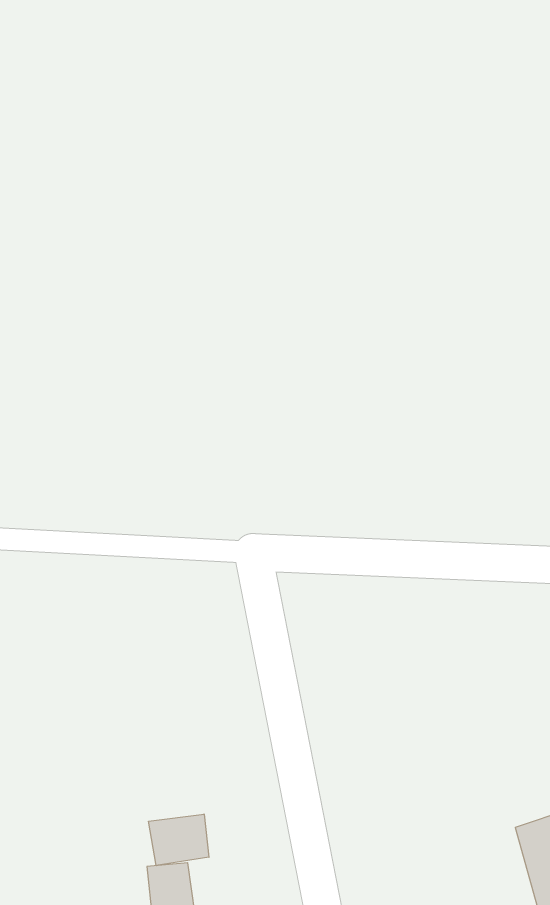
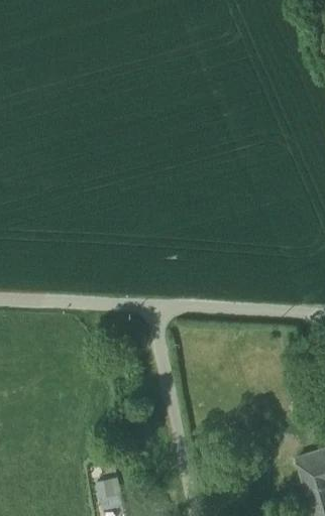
building: [149,814,209,866] -> none

